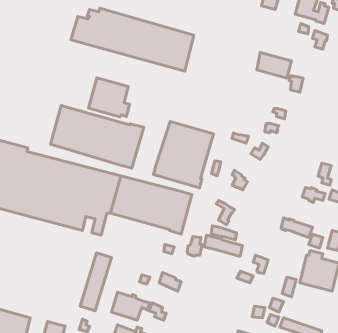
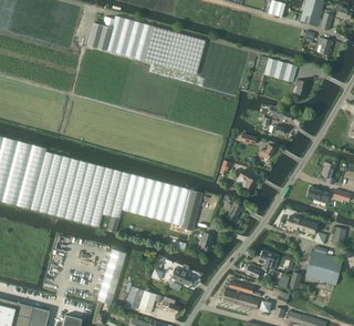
building: [88,78,129,117] -> none
building: [51,105,144,168] -> none
building: [154,121,214,188] -> none
building: [204,226,242,256] -> [223,281,260,309]

